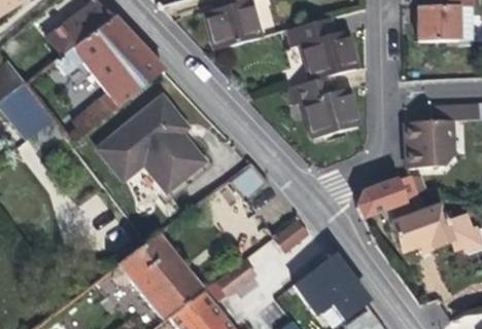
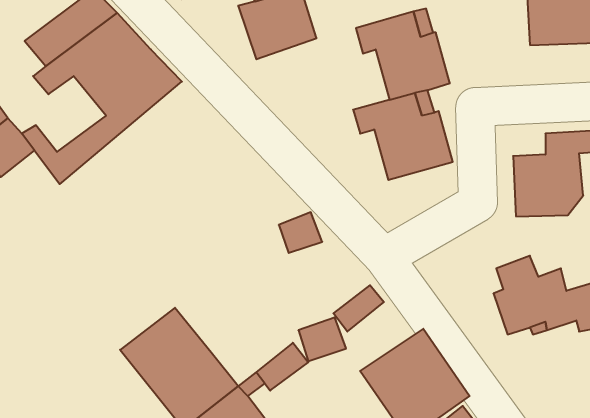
building: [99,98,203,190] -> none
building: [359,174,418,215] -> none

